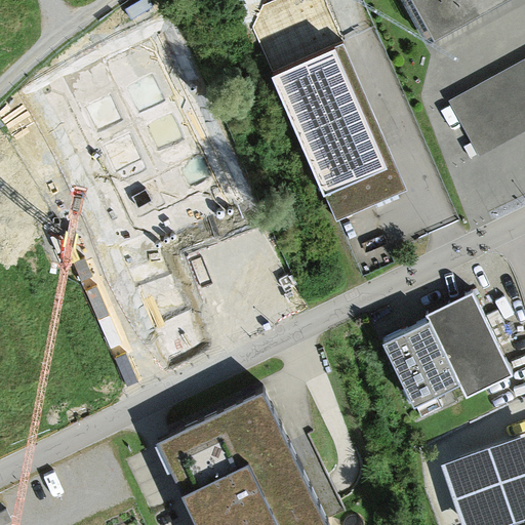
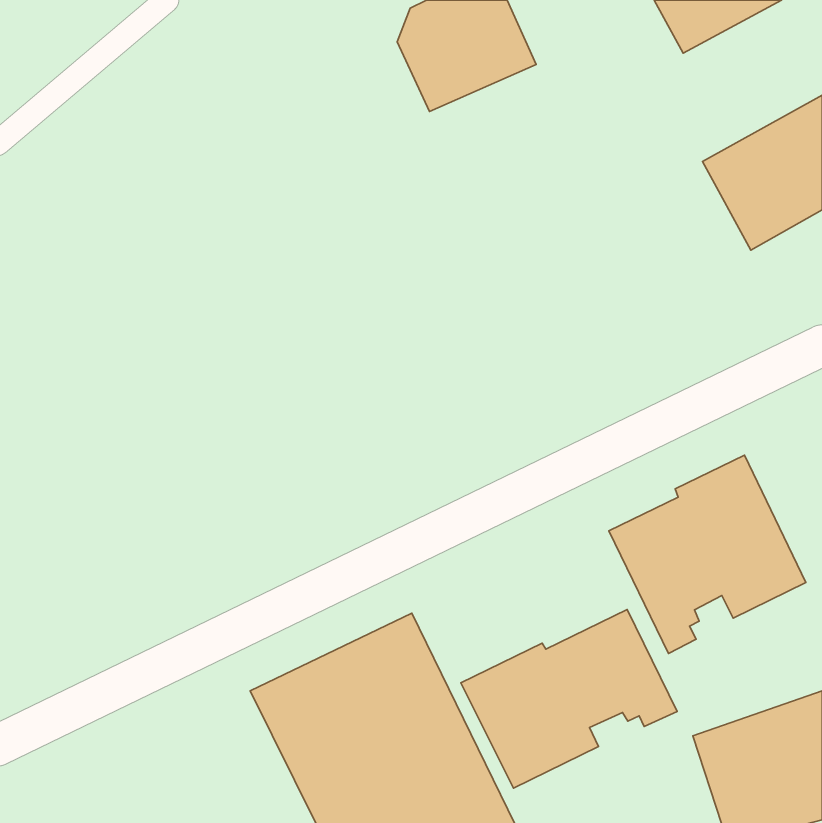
building: [270,47,404,220] -> none
building: none -> [461,610,677,788]

